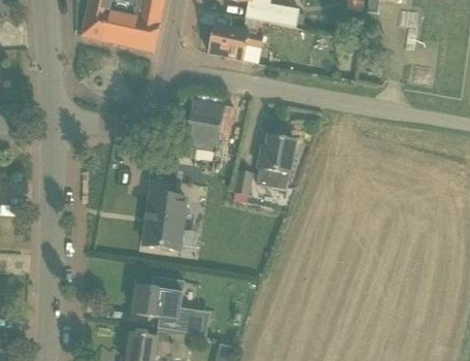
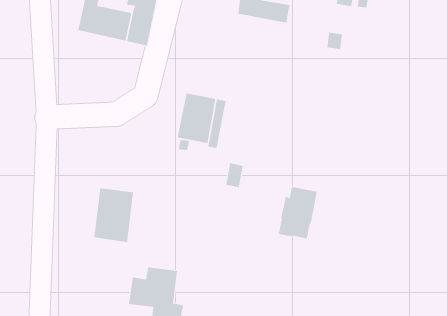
building: [207,23,262,59] -> none
building: [255,135,295,189] -> [278,186,317,239]
building: [141,192,182,248] -> [93,188,134,243]

